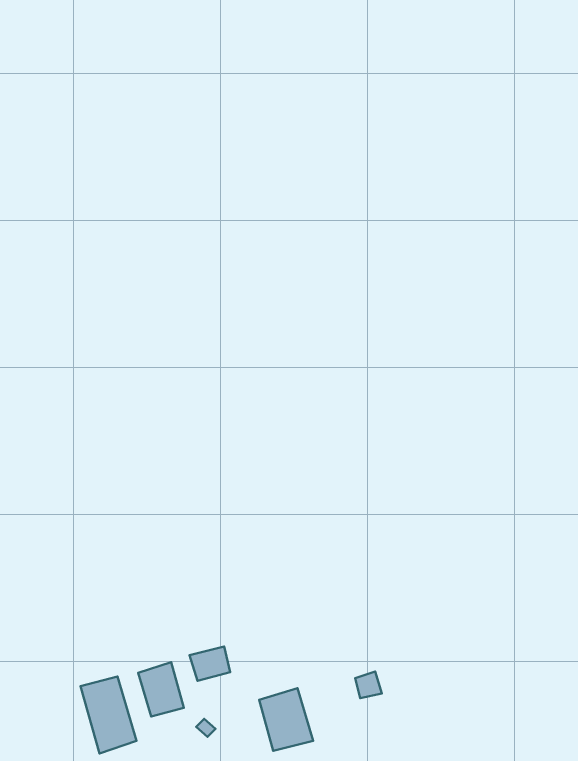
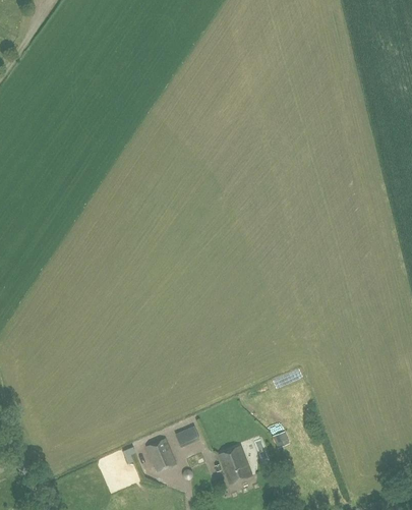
building: [81,677,136,753] -> none

